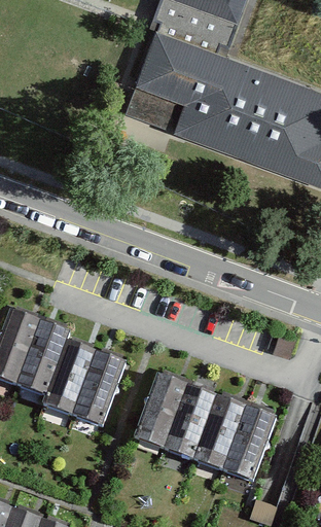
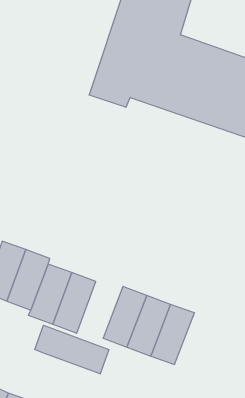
building: [223,405,277,481] -> none
building: none -> [35,325,109,374]

